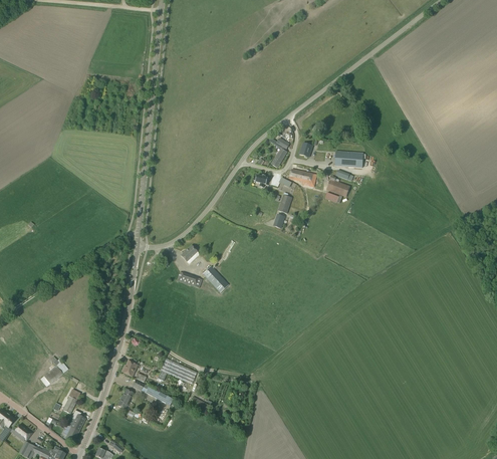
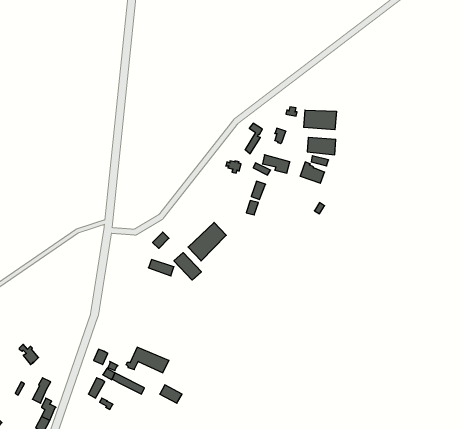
building: none -> [304,110,336,130]
building: none -> [188,222,226,261]

